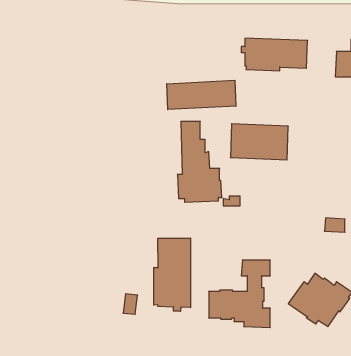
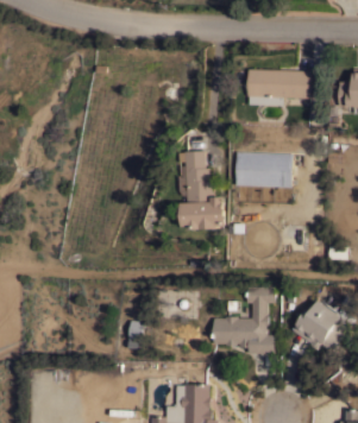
building: [167,80,236,110] -> none
building: [154,238,191,311] -> none

